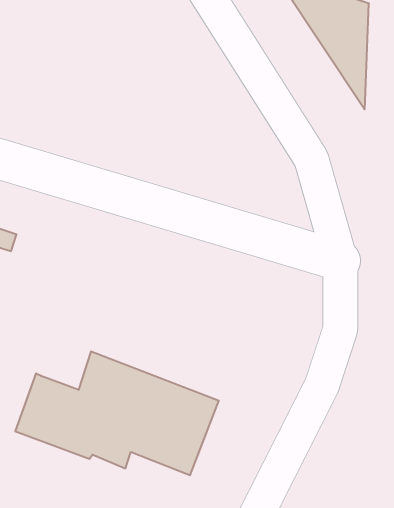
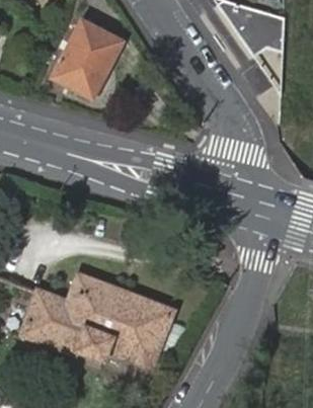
building: none -> [54,22,121,94]

